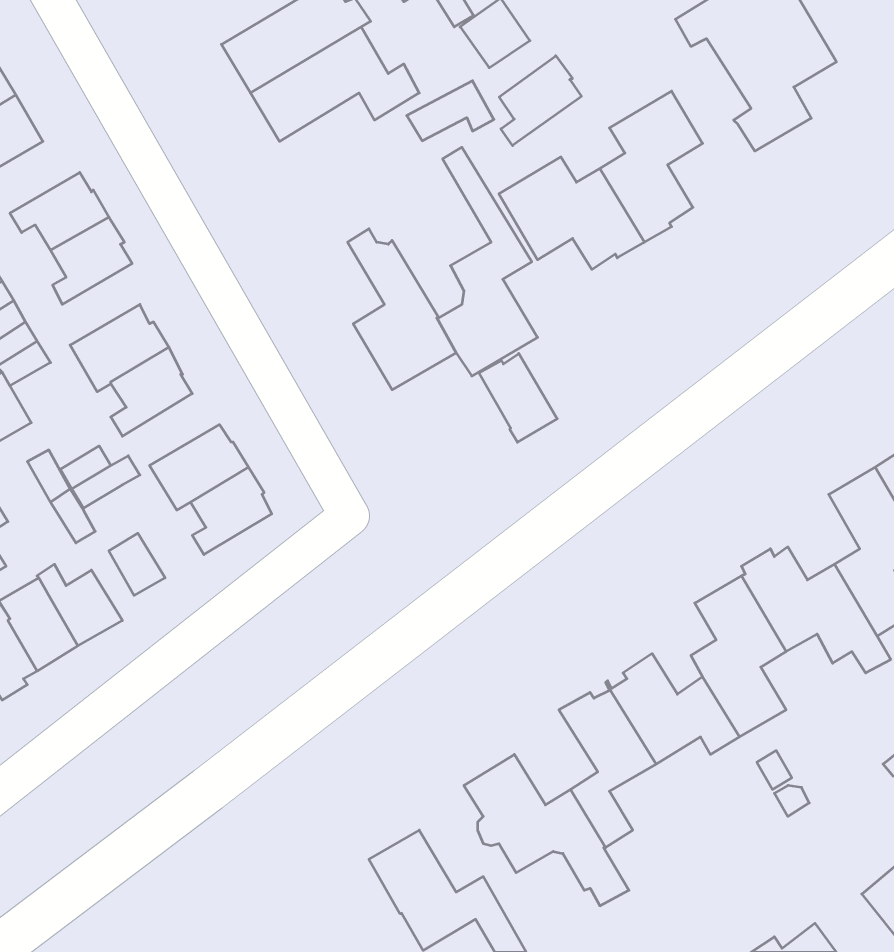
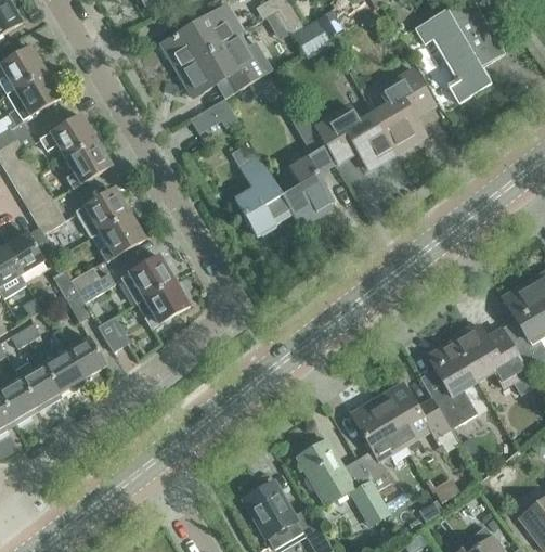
building: [499,56,581,146] -> none
building: [407,81,494,141] -> [190,97,238,130]
building: [479,353,557,442] -> none

